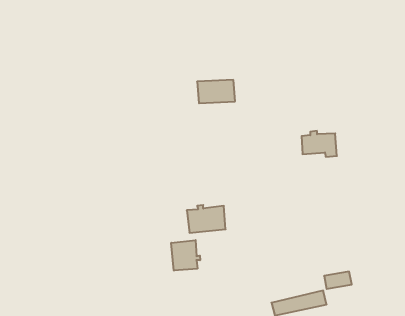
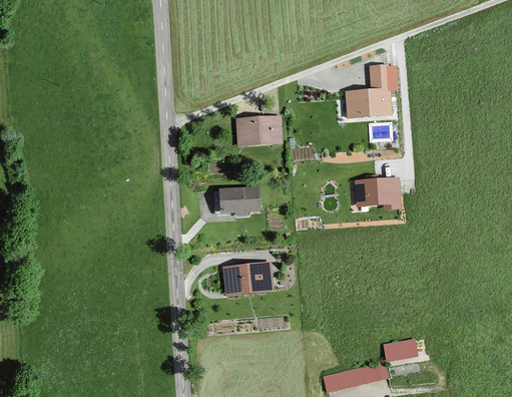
building: none -> [347,67,398,118]
building: none -> [212,188,258,217]
building: [171,240,200,271] -> none

